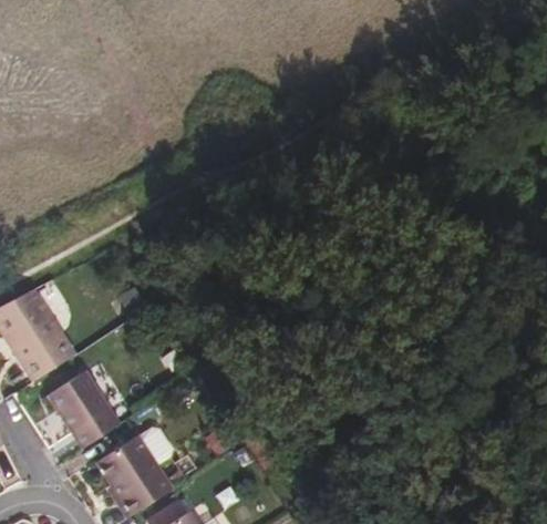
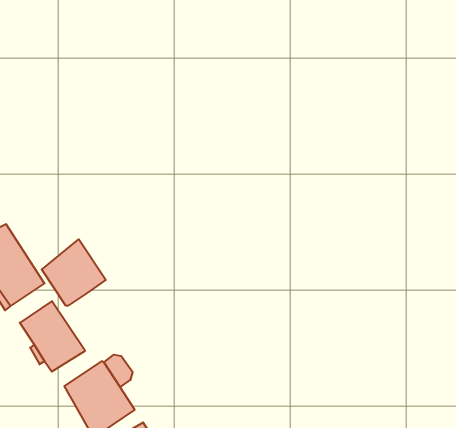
building: none -> [42,239,106,306]

